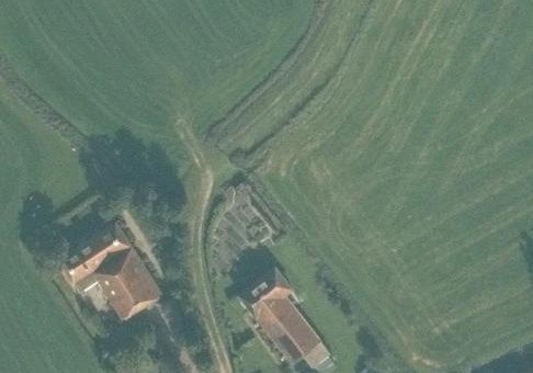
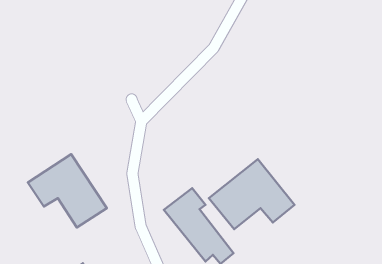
building: none -> [209,159,294,229]

